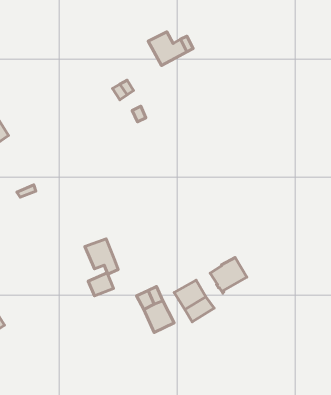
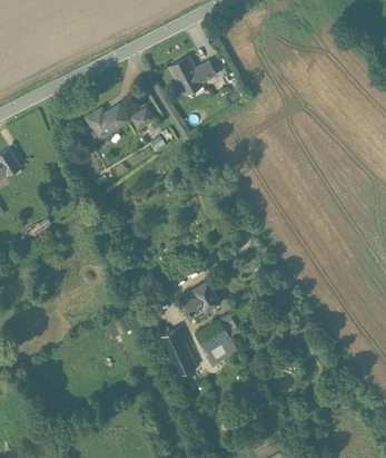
building: none -> [87,105,129,139]
building: [85,239,118,274] -> none
building: [210,257,247,293] -> [181,282,220,320]

